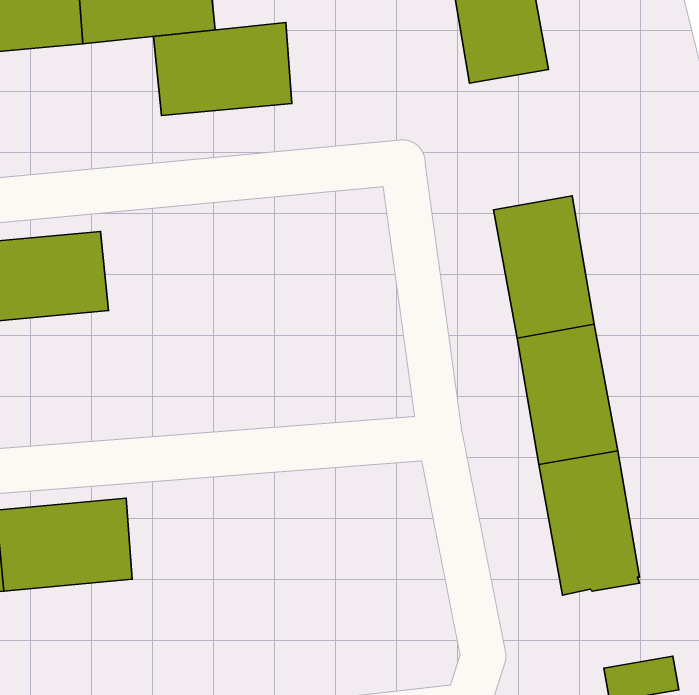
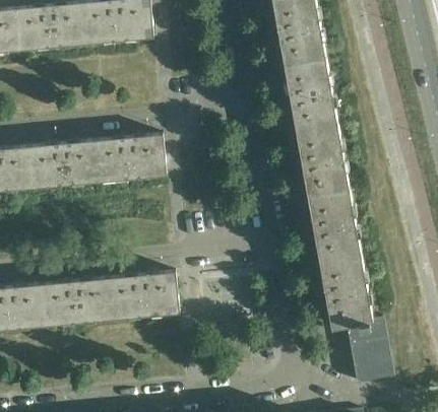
building: [154,23,292,115] -> [93,135,165,183]
building: none -> [284,59,336,131]
building: none -> [107,273,178,321]
building: none -> [347,319,388,366]

